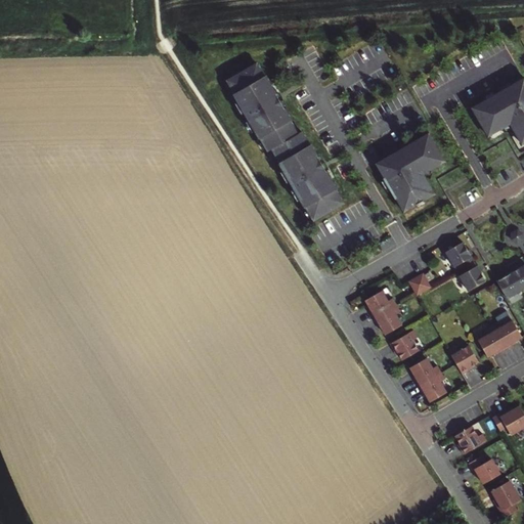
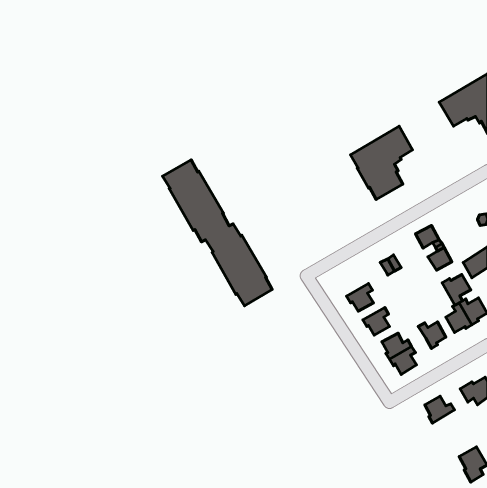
building: [225,62,343,219] -> [162,160,272,306]
building: [365,290,396,317] -> none
building: none -> [442,274,471,305]
building: [470,454,501,482] -> none

